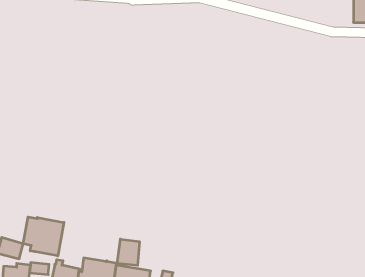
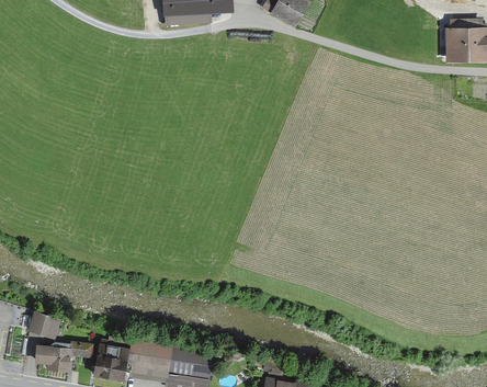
building: [23,217,64,256] -> none
building: [117,239,139,265] -> none

